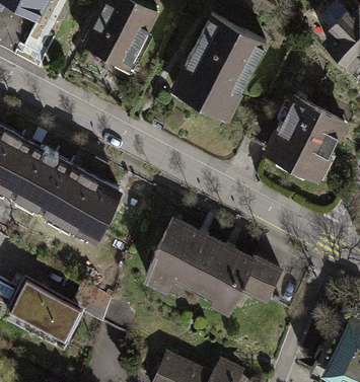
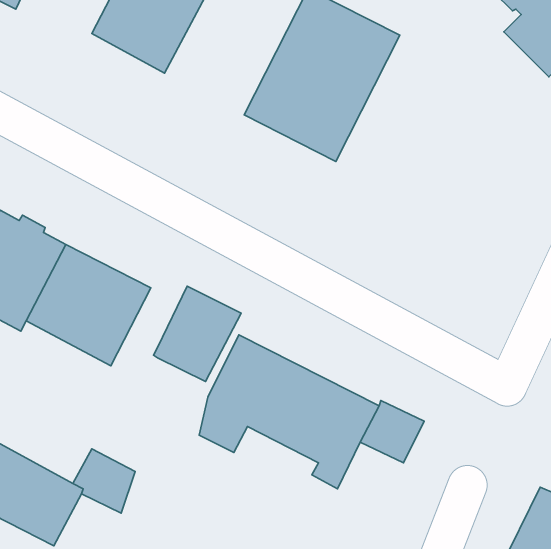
building: [268,99,345,180] -> none
building: none -> [153,286,241,382]

